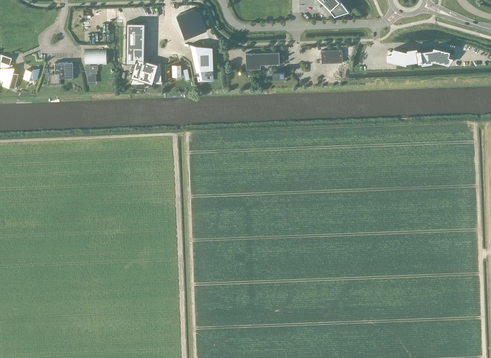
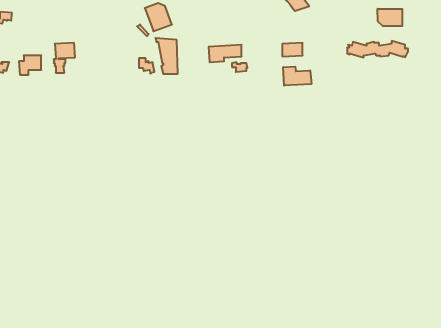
building: none -> [378,9,402,26]
building: [127,23,161,84] -> none
building: none -> [283,67,311,86]

